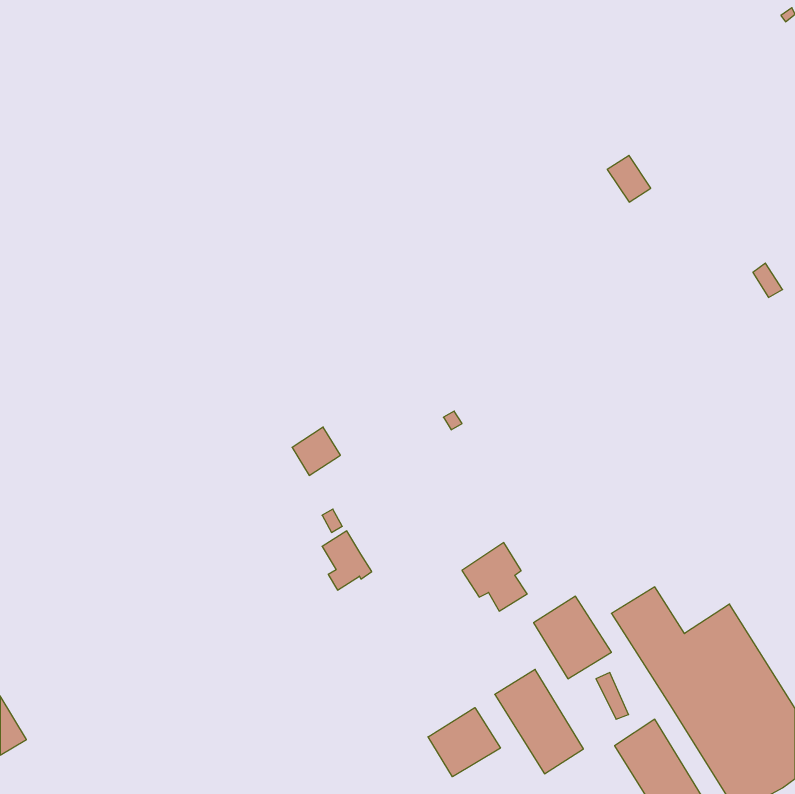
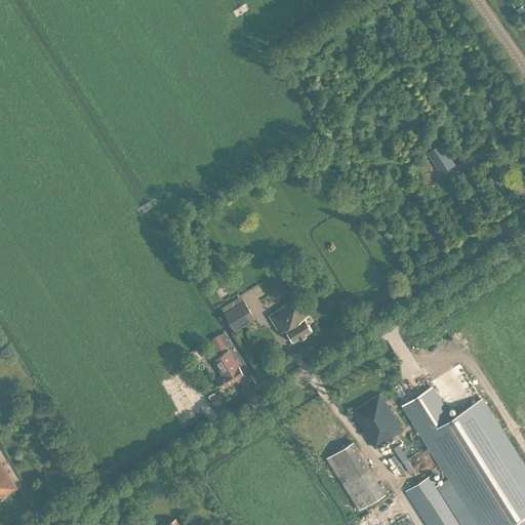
building: [607,155,651,202] -> [427,144,455,174]
building: [292,427,340,475] -> [224,300,255,332]
building: [462,543,527,611] -> [269,297,312,342]
building: [428,708,500,777] -> none

